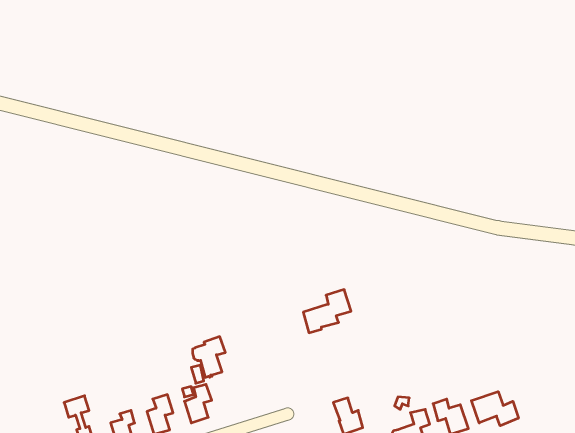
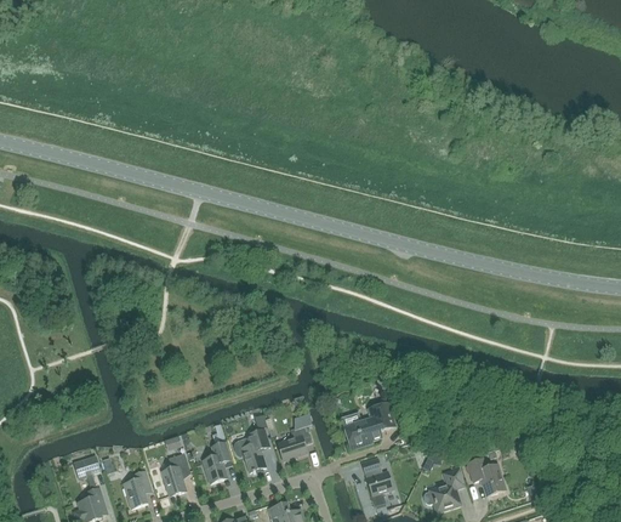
building: [303,290,351,333] -> [344,402,395,448]
building: [193,337,225,377] -> [235,429,270,472]
building: none -> [278,424,312,460]
building: [471,392,518,426] -> none

